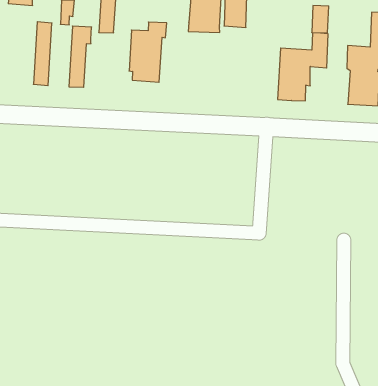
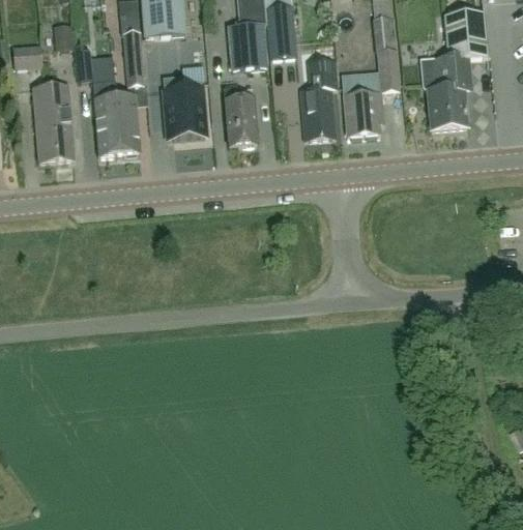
building: none -> [33,84,57,160]
building: none -> [301,58,339,138]
building: none -> [113,94,141,153]
building: none -> [225,85,258,144]

